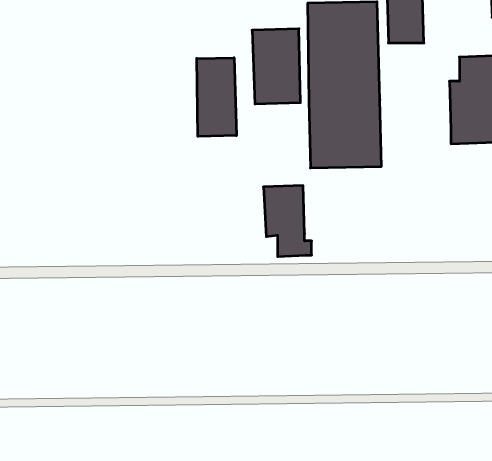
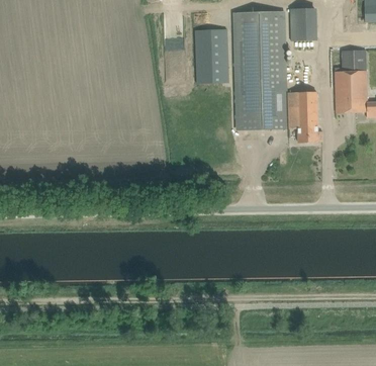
building: [197,58,236,136] -> none
building: [263,186,312,257] -> [288,92,322,143]

